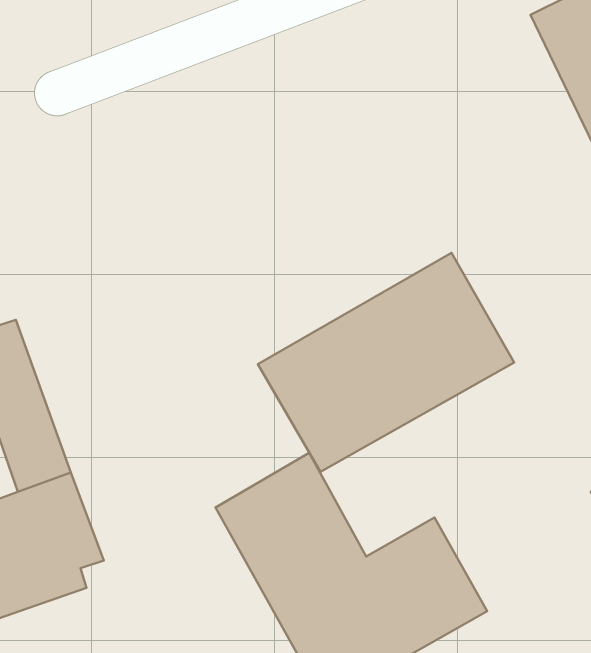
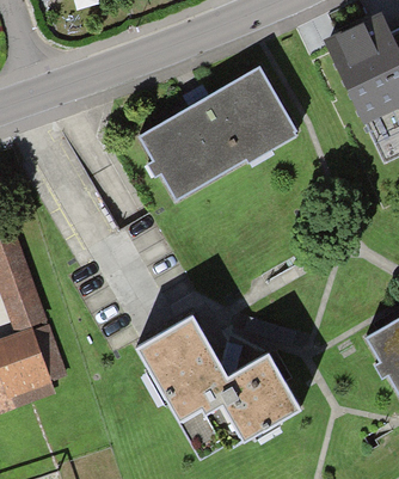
building: [258,253,514,472] -> [139,66,295,199]

